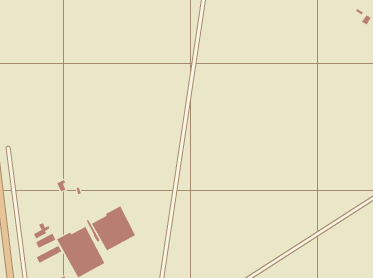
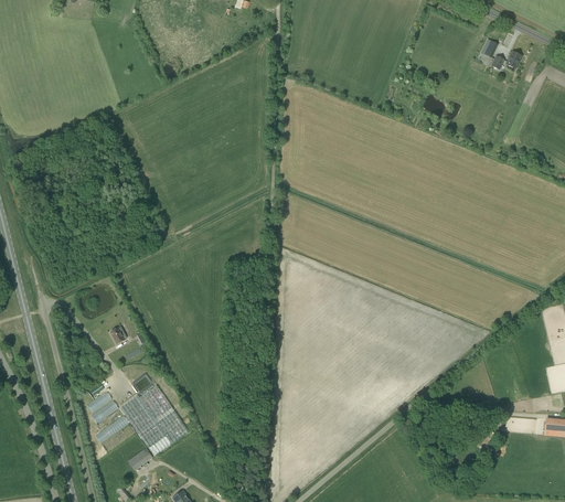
building: [91,205,136,251] -> none

